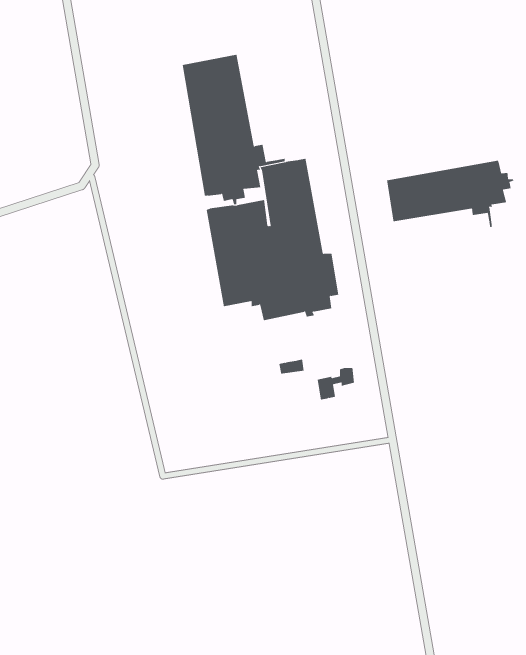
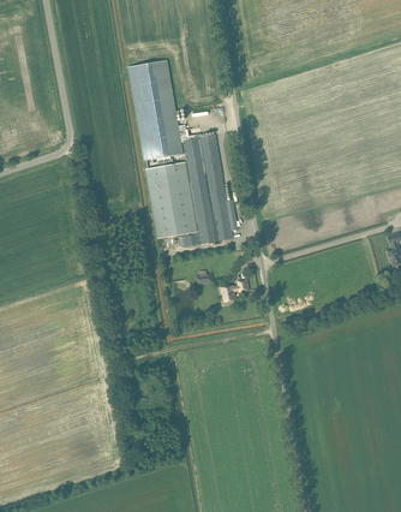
building: [386,160,514,228] -> none

